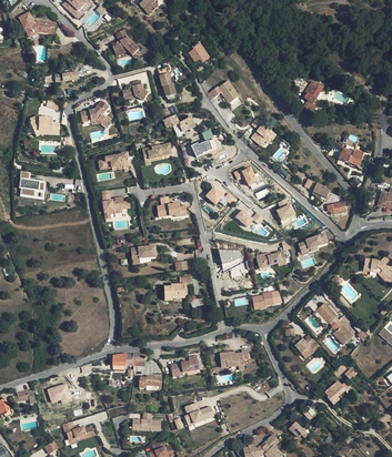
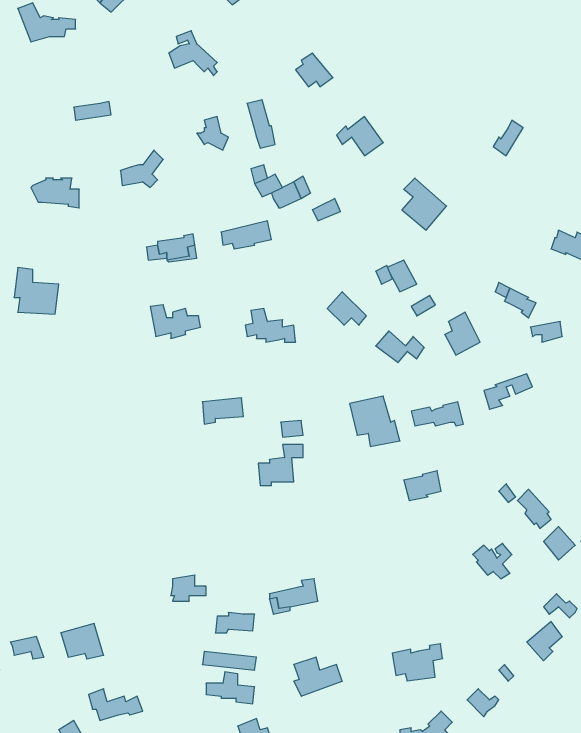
building: [221,347,251,369] -> [392,644,443,681]

